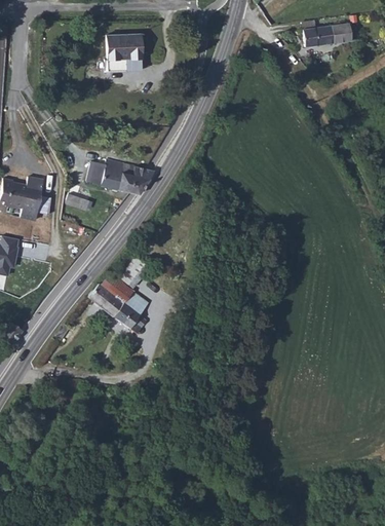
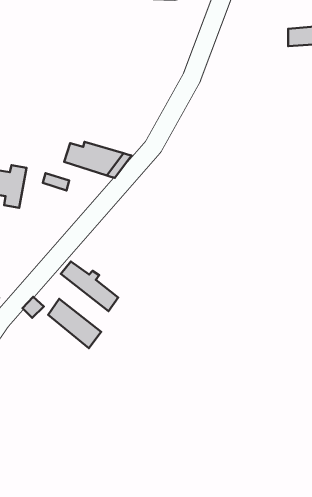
building: [105,32,140,62] -> none
building: none -> [48,299,101,348]

